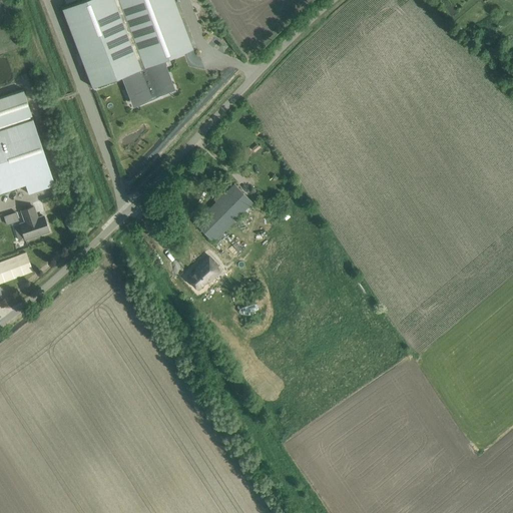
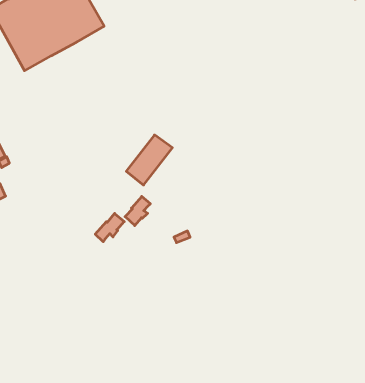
building: [126,63,169,104] -> none
building: none -> [95,213,124,242]

